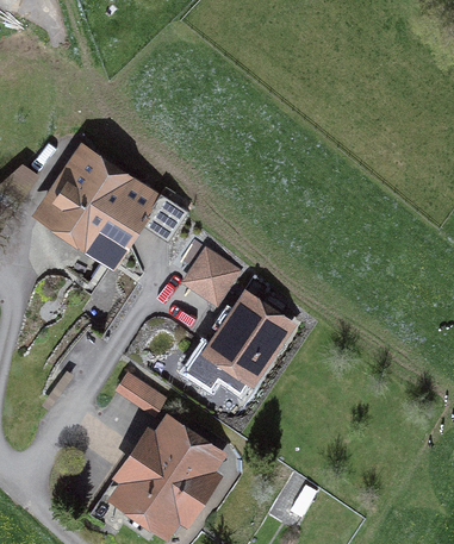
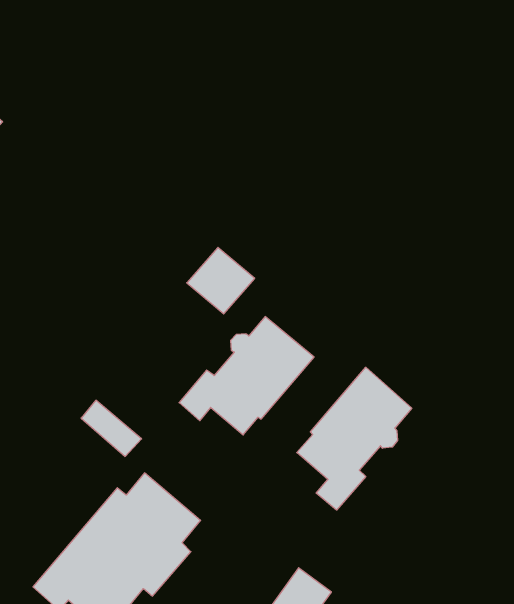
building: [49,150,185,258] -> none
building: none -> [297,367,412,510]

